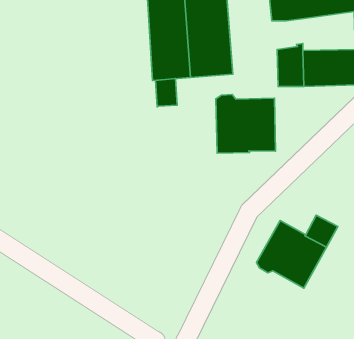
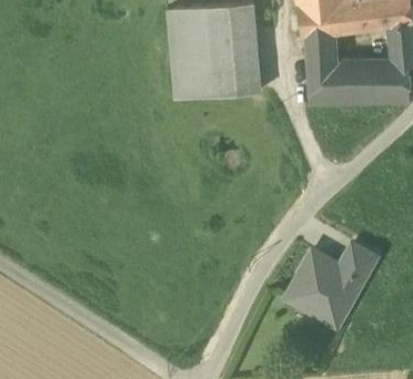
building: none -> [306,32,335,65]
building: [156,79,177,107] -> none
building: [216,94,276,153] -> none

